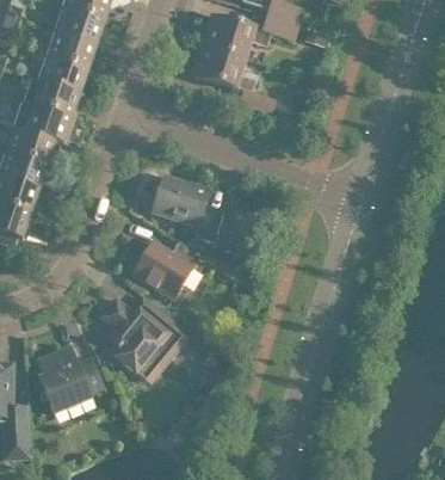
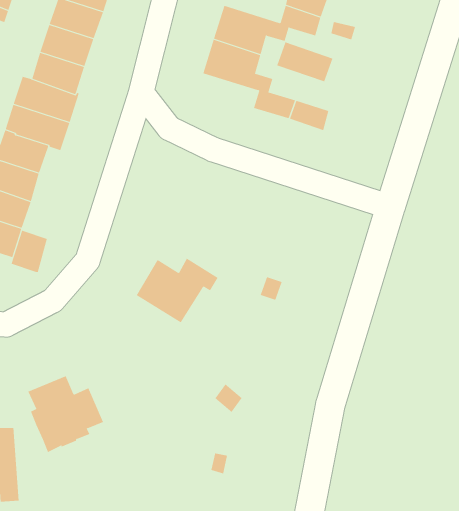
building: none -> [277,41,333,82]
building: [153,176,222,241] -> none
building: none -> [11,230,48,273]
building: [104,300,188,377] -> none

